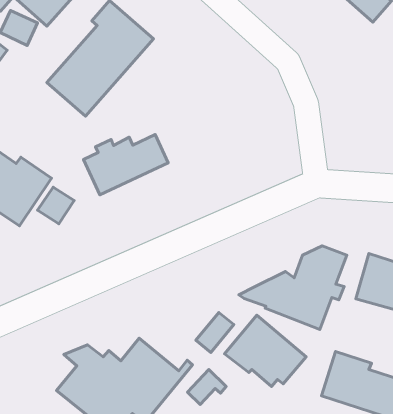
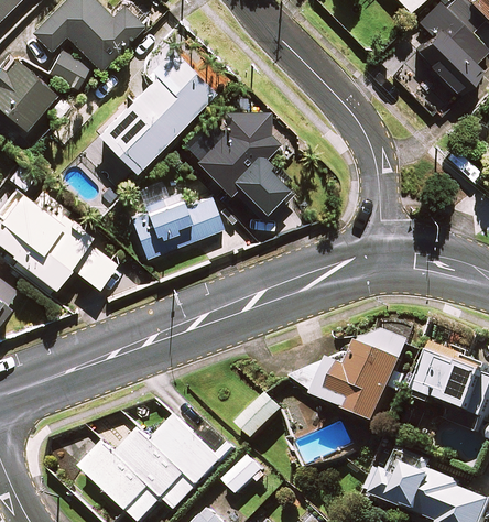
building: none -> [195,111,294,224]
building: [225,315,306,387] -> none

